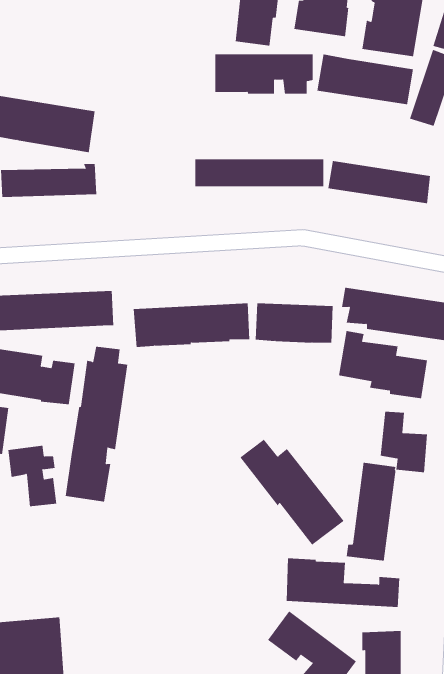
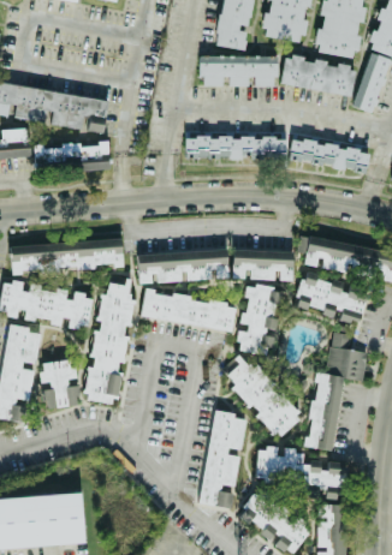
building: none -> [237,285,281,354]
building: none -> [141,291,236,330]
building: none -> [200,411,247,508]

